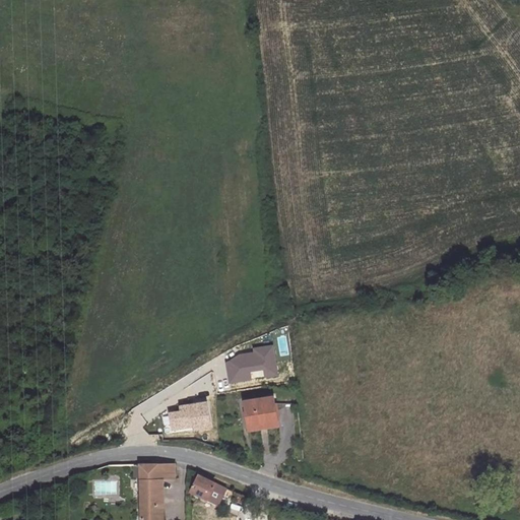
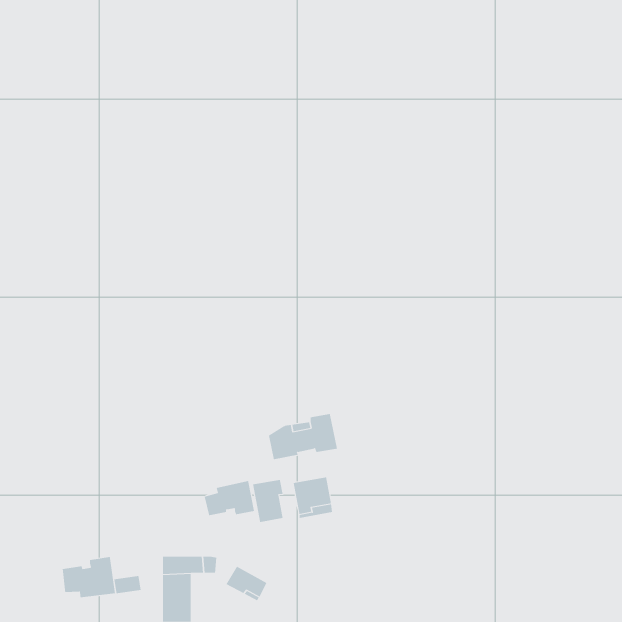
building: none -> [252,479,283,523]
building: none -> [62,556,116,598]

